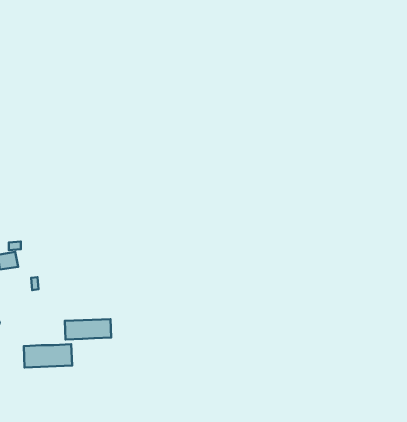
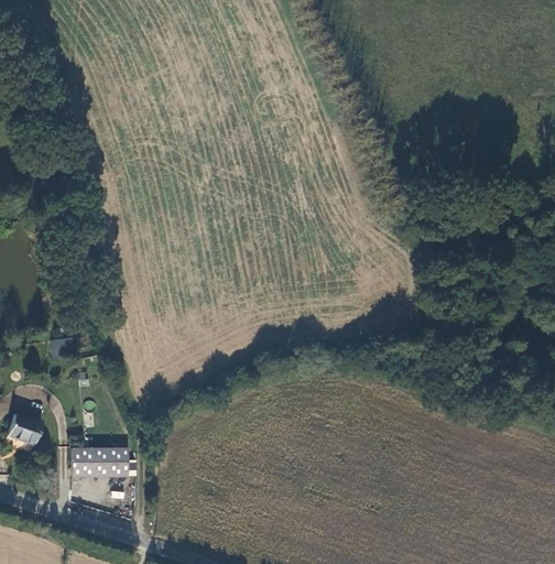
building: [65,319,111,339] -> none

